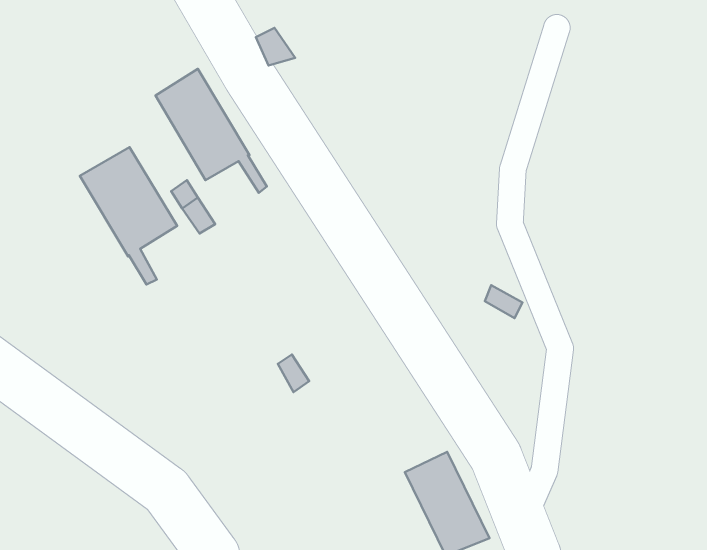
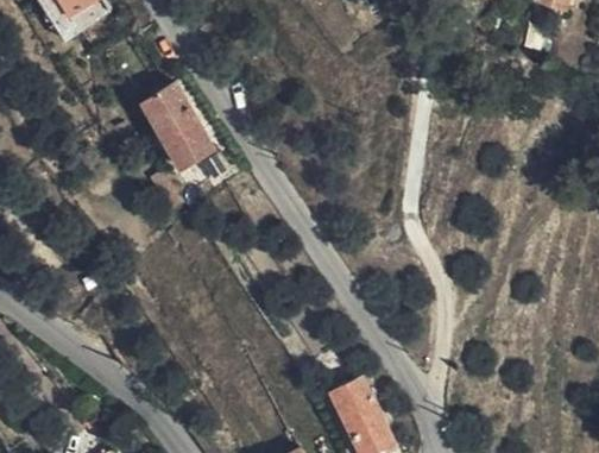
building: [80,147,177,284] -> none

